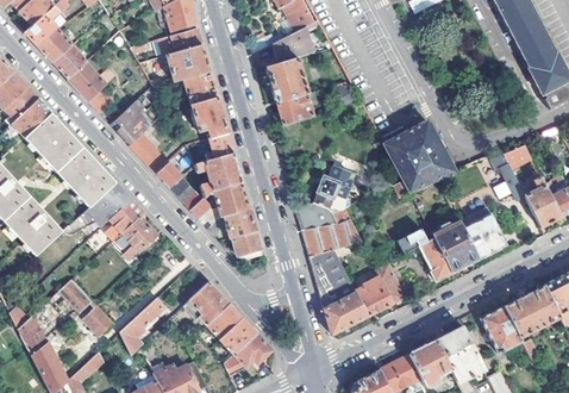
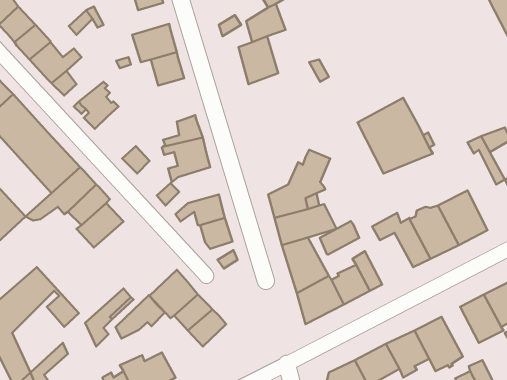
building: [155,30,201,58] -> none
building: [277,93,313,125] -> none
building: [190,98,226,139] -> none
building: [130,135,169,175] -> none
building: [170,177,202,211] -> none
building: [208,183,249,218] -> none
building: none -> [320,221,359,254]
building: [224,335,271,376] -> [115,295,165,338]

